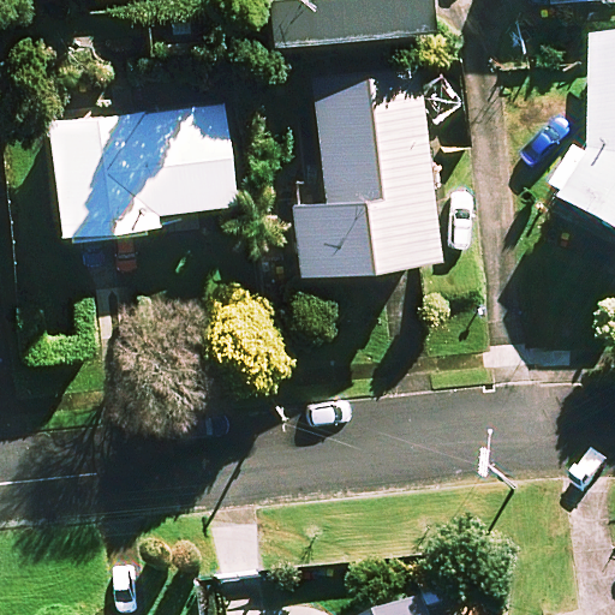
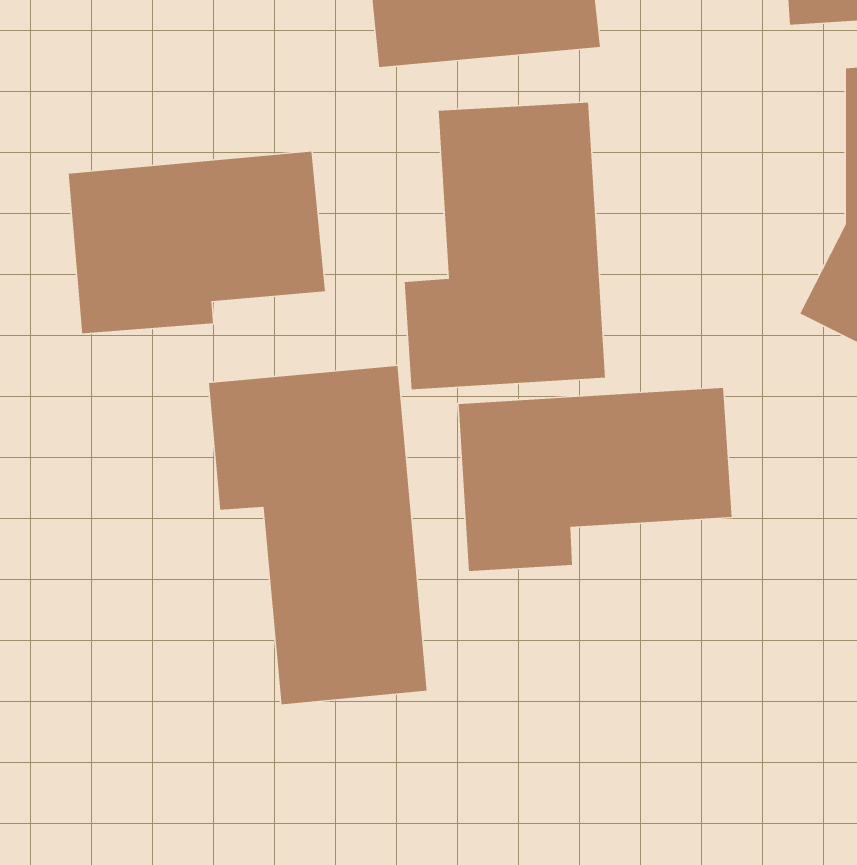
building: none -> [208,365,428,705]
building: none -> [458,387,733,572]

